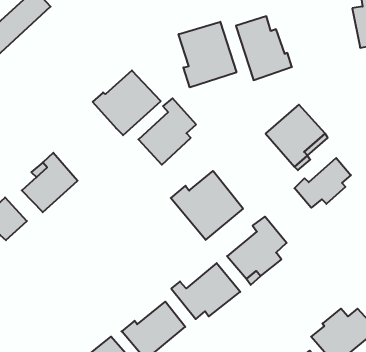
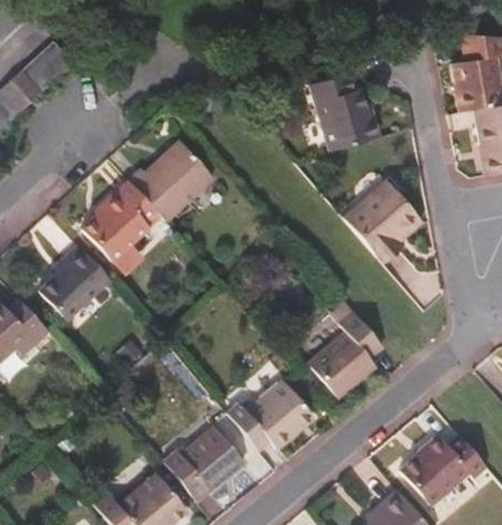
building: [179,22,236,87] -> none
building: [138,98,196,165] -> [86,179,158,262]
building: [294,158,351,208] -> none
building: [171,171,243,240] -> none

